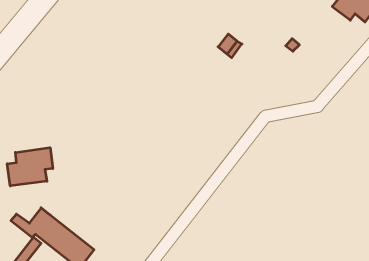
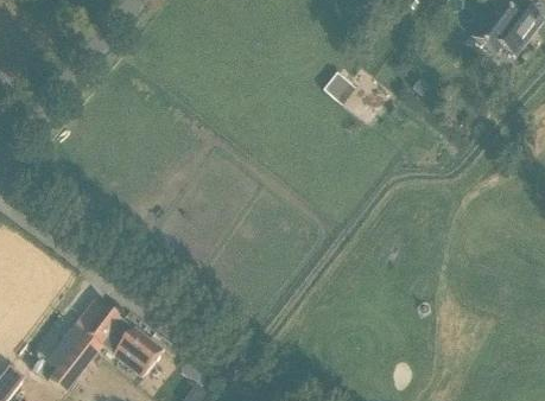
building: [7,148,53,186] -> none

